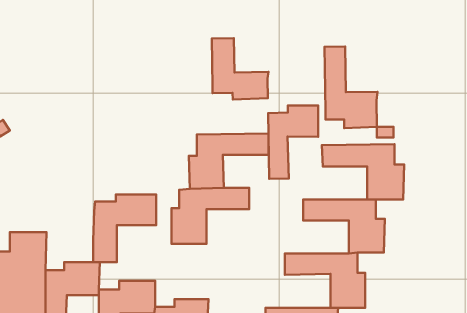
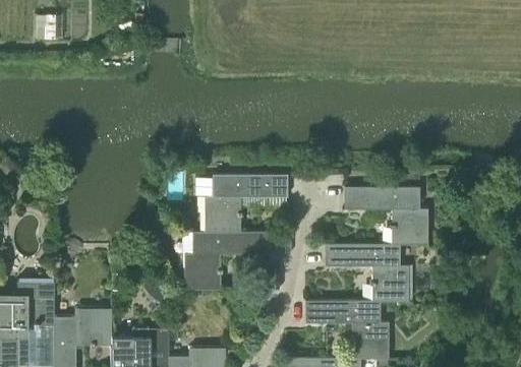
building: [212,38,268,99] -> none
building: [325,46,377,128] -> none
building: [268,106,318,179] -> none
building: [93,195,156,262] -> none

